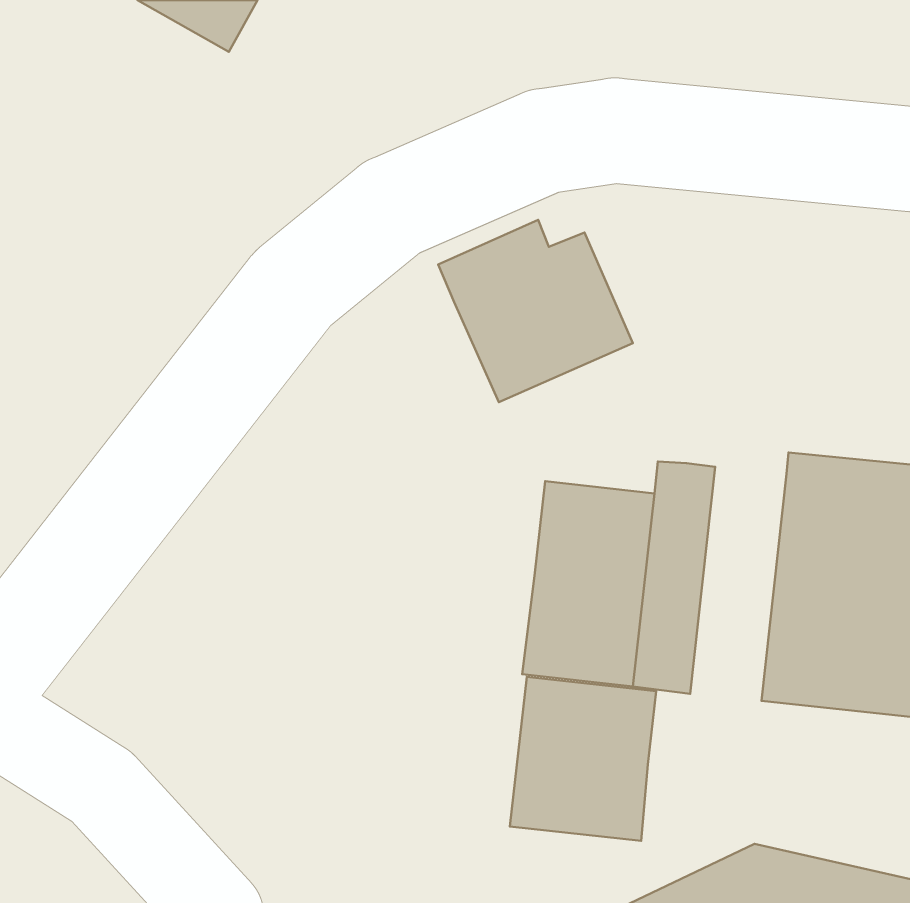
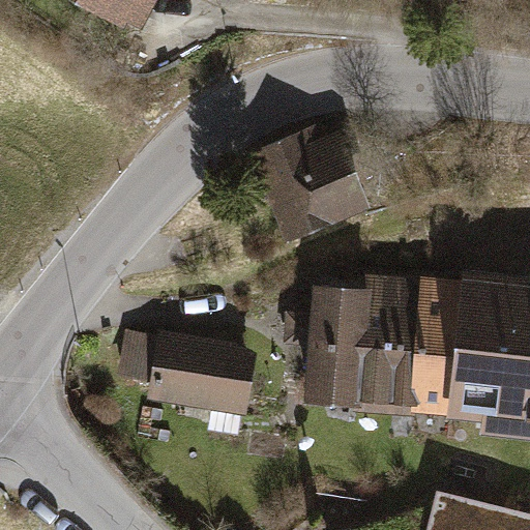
building: none -> [402,276,458,412]
building: none -> [122,333,254,412]
building: [510,677,656,841] -> none

